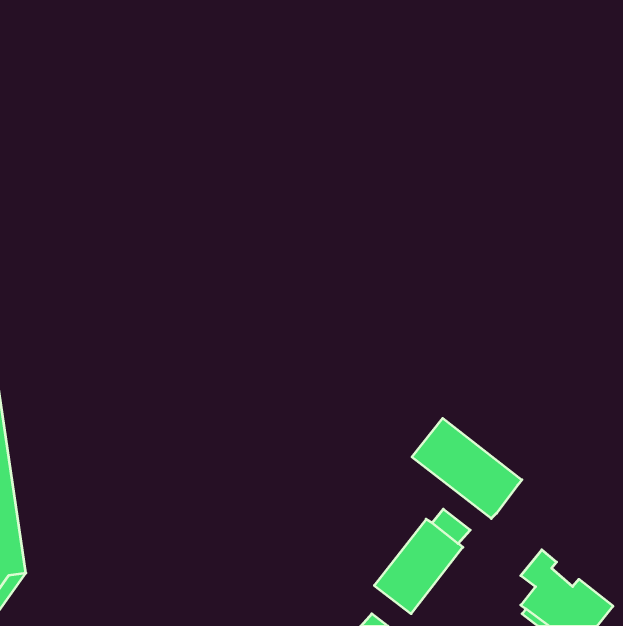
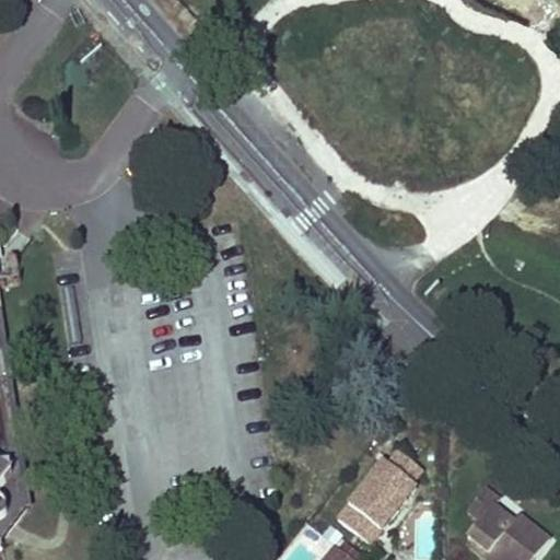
building: [412,418,522,519] -> none

